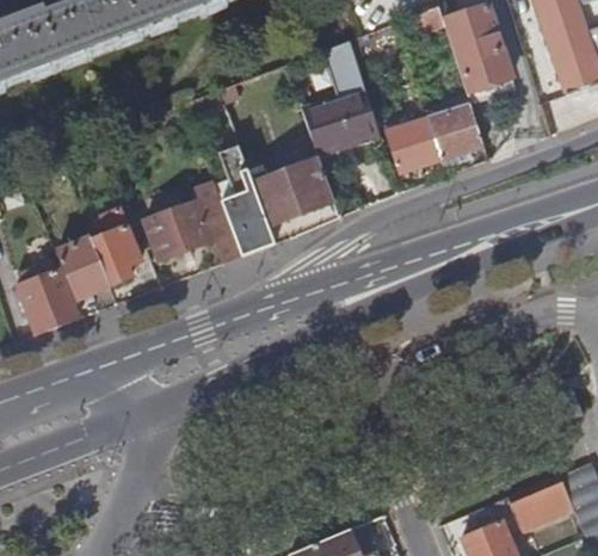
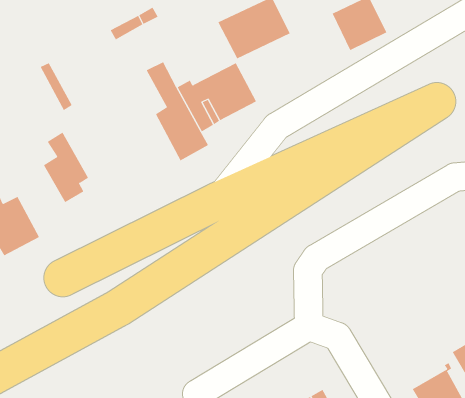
building: [386,117,442,174] -> none
building: [143,181,241,262] -> none
building: [55,236,110,298] -> none

